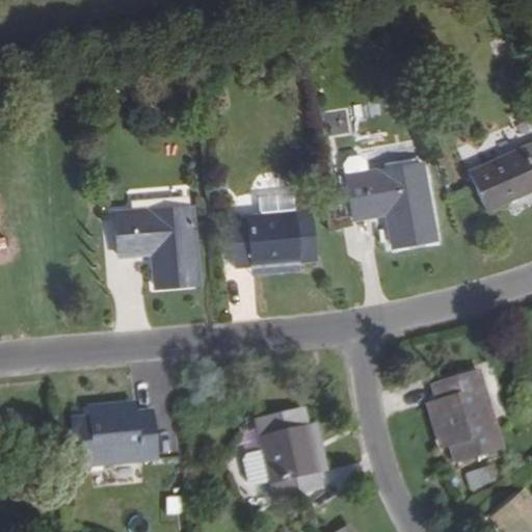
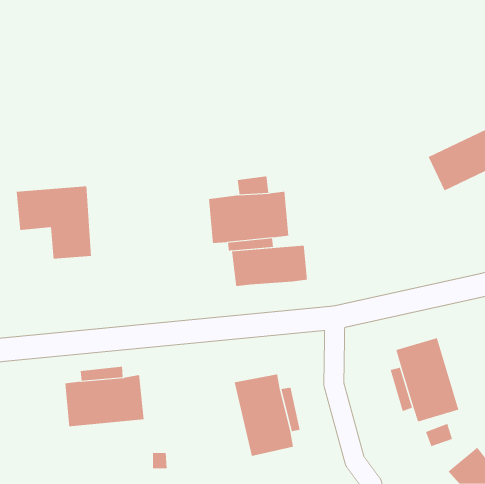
building: [347,162,436,245] -> none
building: [115,206,198,286] -> [16,186,92,259]
building: none -> [231,245,307,287]

